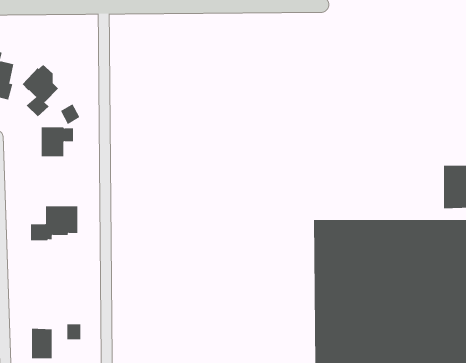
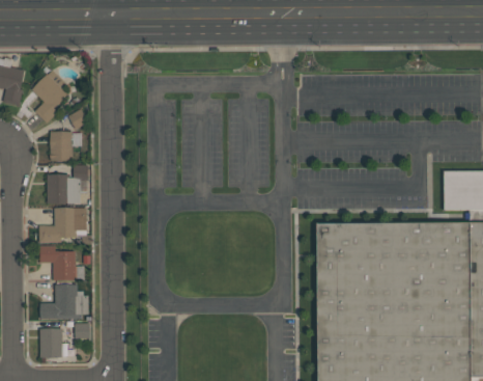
building: none -> [47,165,88,203]
building: none -> [39,245,84,280]
building: none -> [40,284,88,319]

